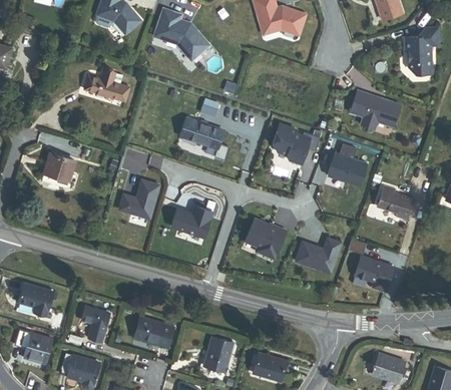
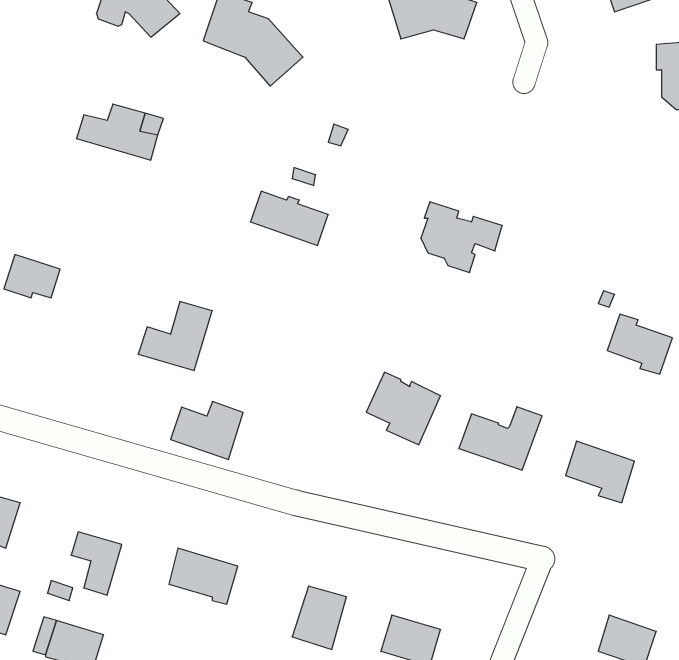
building: [350,90,401,128] -> none
building: [327,144,368,187] -> none
building: [171,206,211,238] -> [171,402,243,460]

